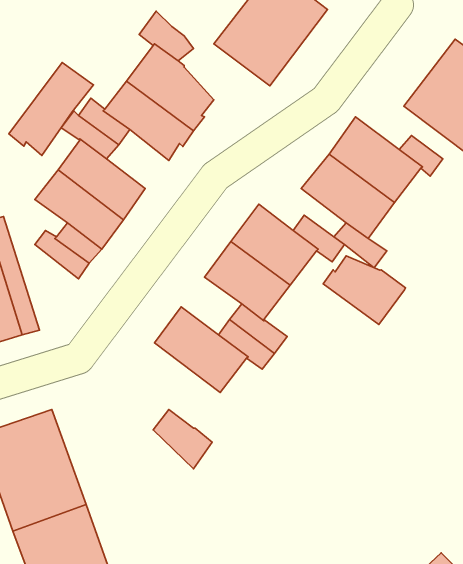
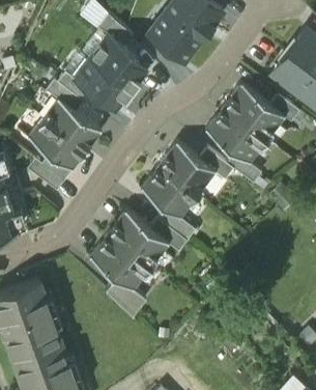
building: [9,63,94,156] -> none
building: [323,256,406,325] -> none
building: none -> [88,233,150,290]

